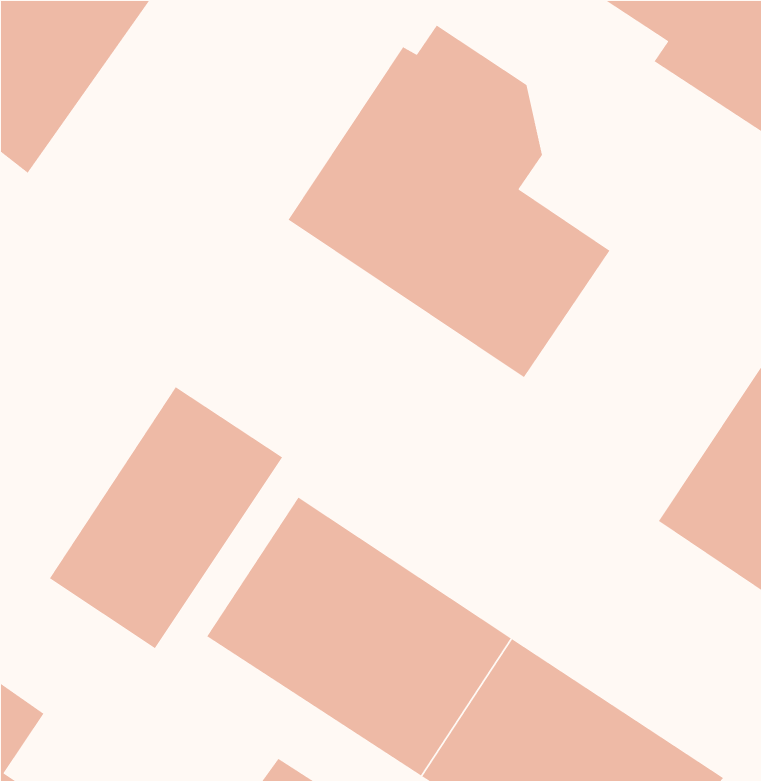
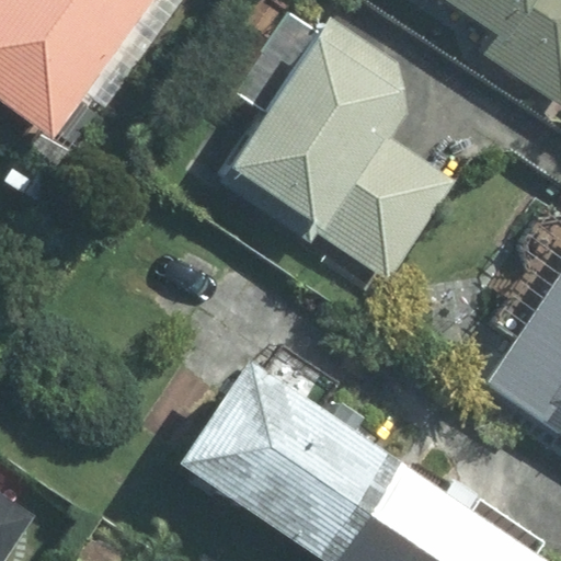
building: [49,386,283,649] -> none

